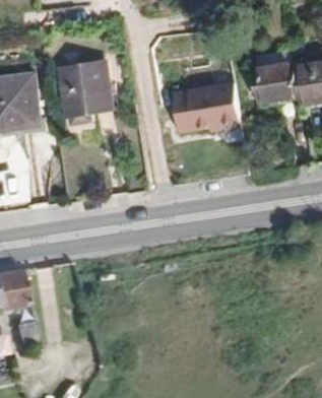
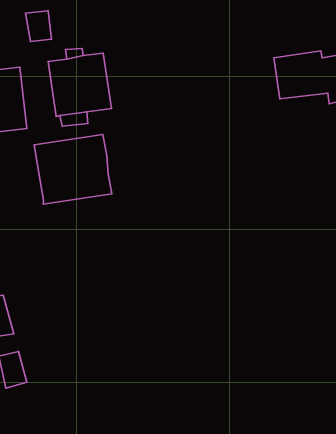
building: [173,81,240,131] -> none
building: none -> [34,135,112,204]

